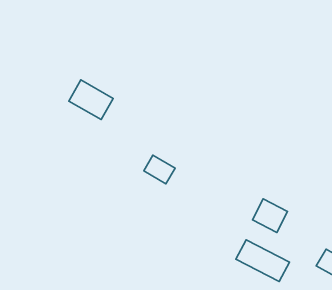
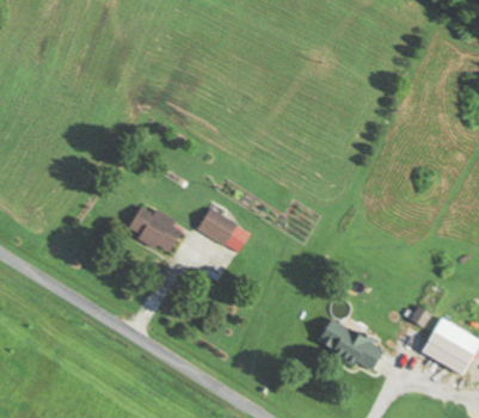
building: [69,80,113,120] -> [127,203,184,254]
building: [252,199,287,232] -> none

